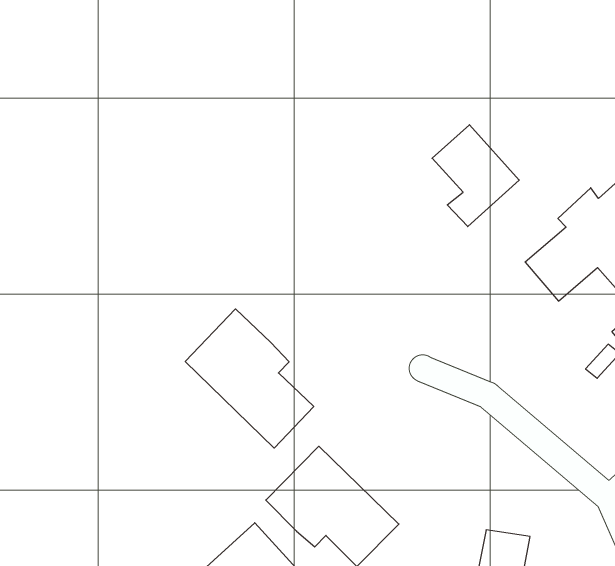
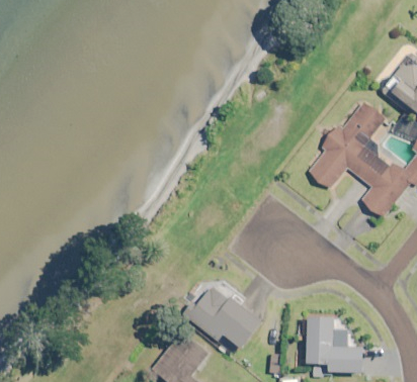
building: [432,125,519,227] -> none
building: [185,309,314,448] -> none

